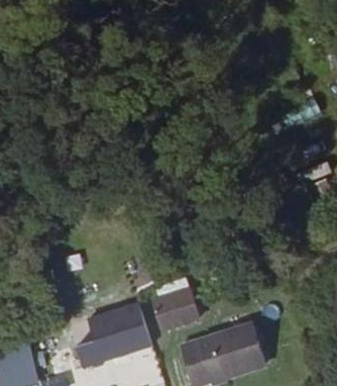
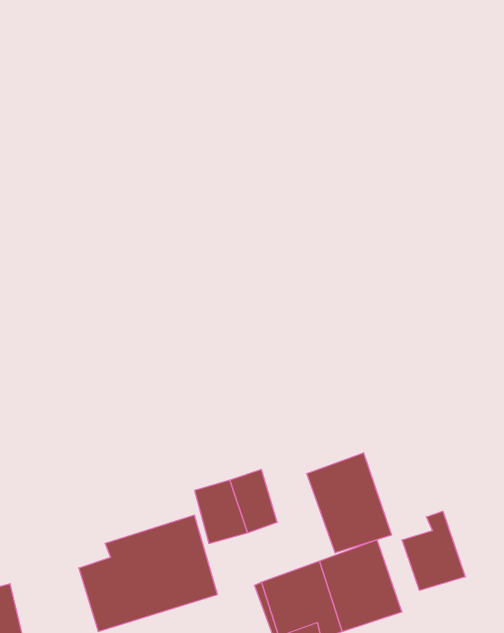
building: none -> [307,453,392,553]
building: none -> [402,511,465,590]

